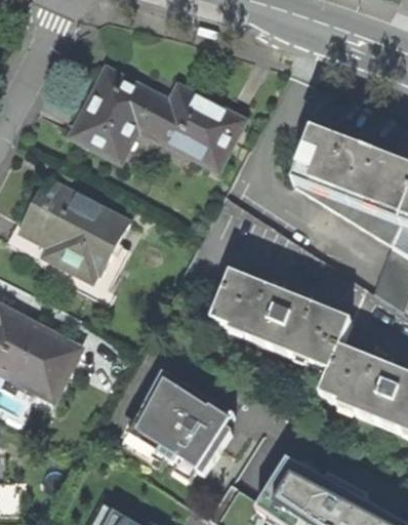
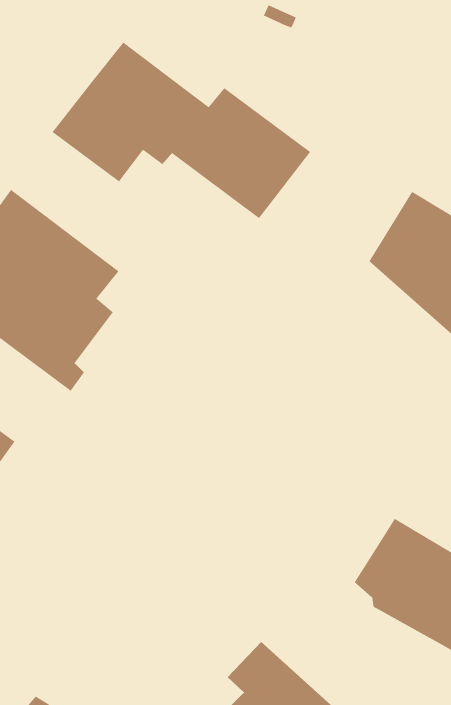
building: [213,271,351,370] -> none
building: [136,368,235,471] -> none

